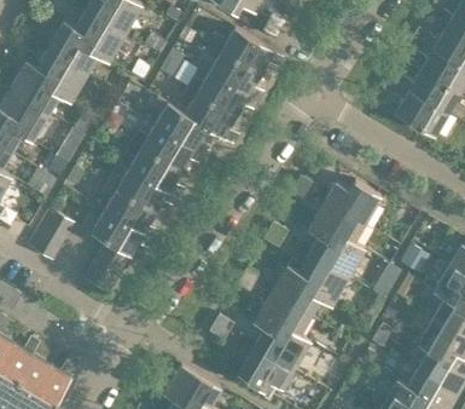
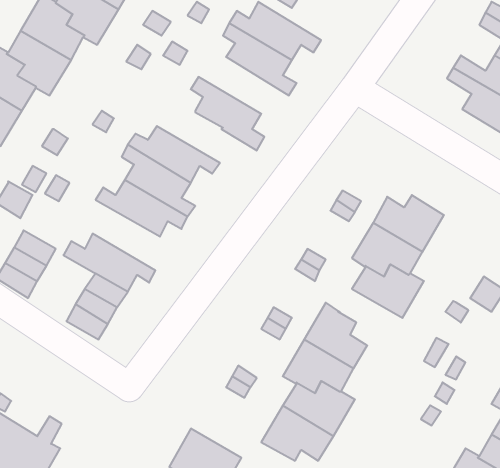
building: [186,71,257,116] -> none
building: [150,97,208,155] -> none
building: [100,184,158,240] -> none
building: [286,254,347,306] -> none

